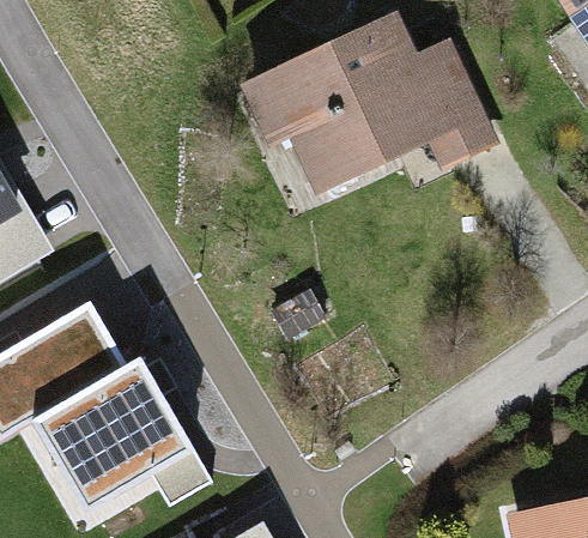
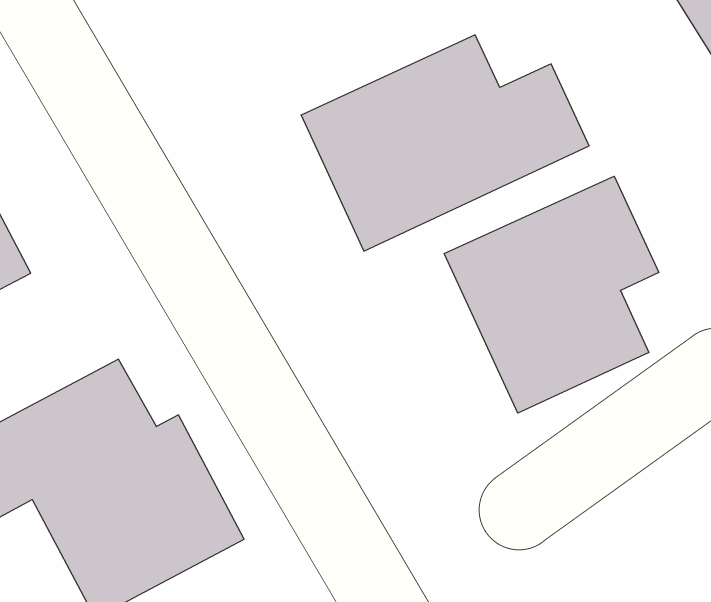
building: none -> [444,176,659,413]

